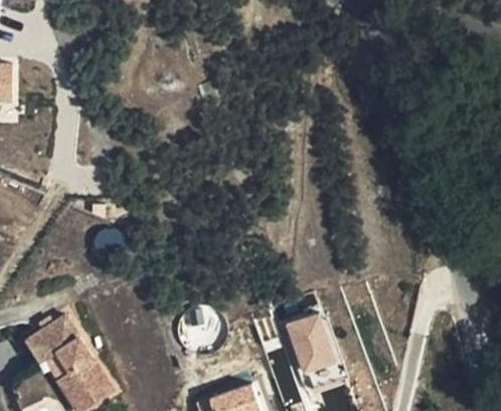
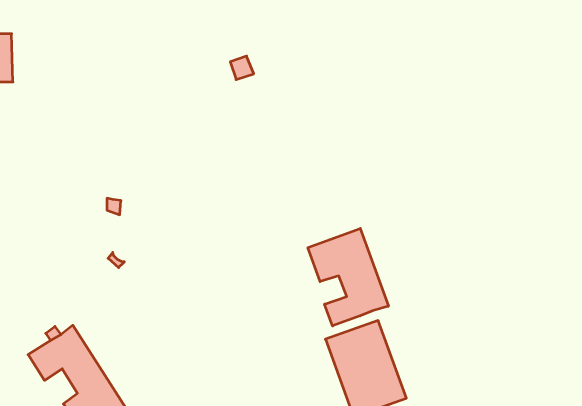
building: none -> [308,228,388,326]

